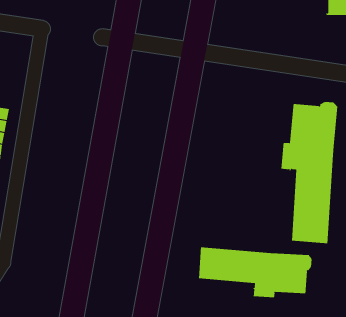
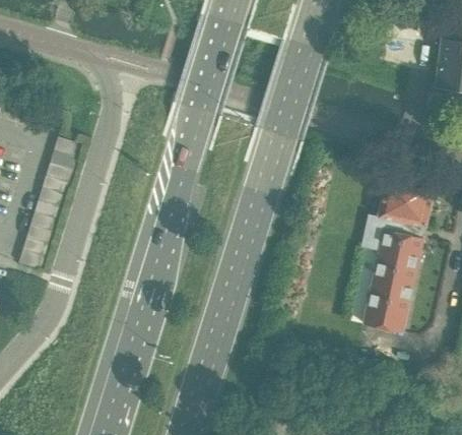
building: [198,247,312,298] -> none

